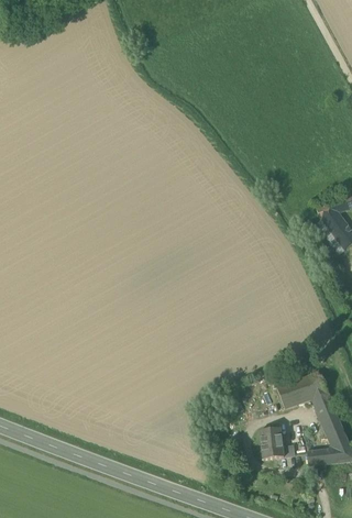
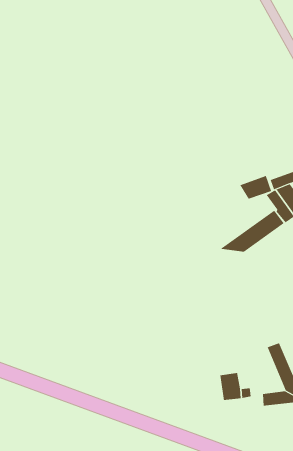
building: none -> [240,175,272,199]
building: none -> [219,210,285,253]
building: [276,371,327,407] -> none

